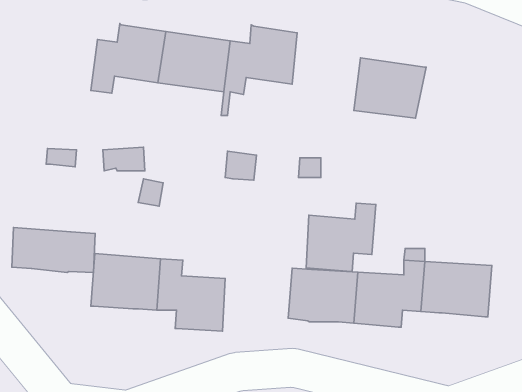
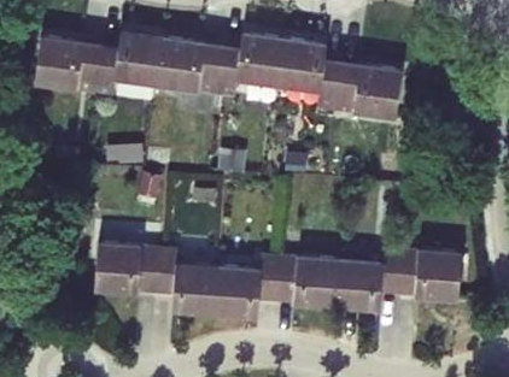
building: none -> [34,36,100,93]
building: none -> [279,40,341,118]
building: [306,203,376,272] -> [215,254,279,317]
building: [12,227,95,272] -> none

